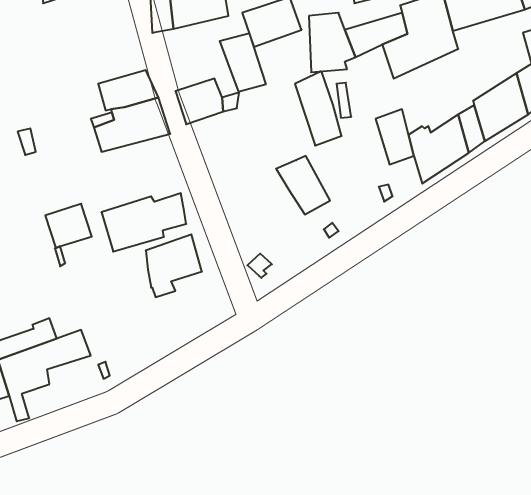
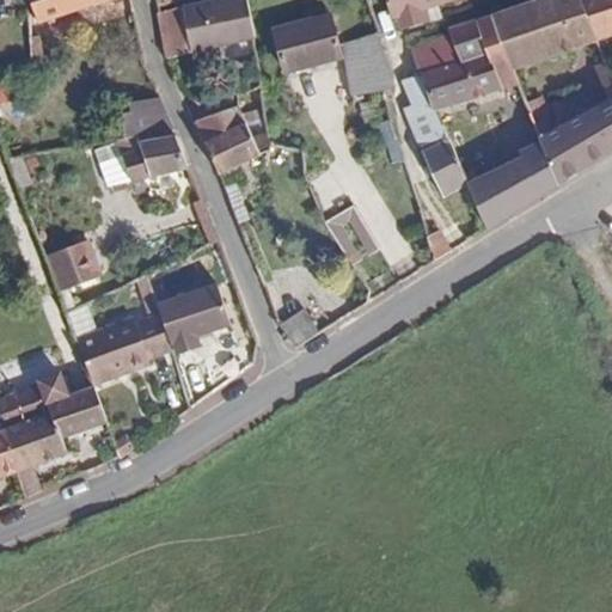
building: [220,33,266,92] -> none
building: [295,71,342,146] -> [403,71,455,154]
building: [101,193,186,252] -> [79,324,175,390]

